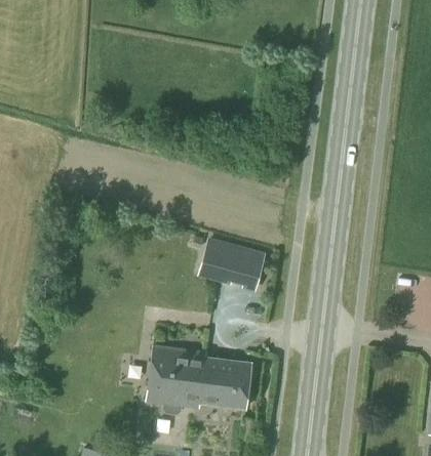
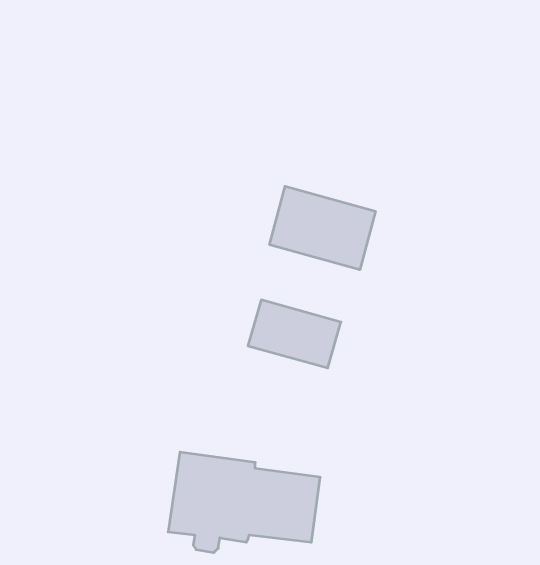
building: none -> [270,186,375,270]

